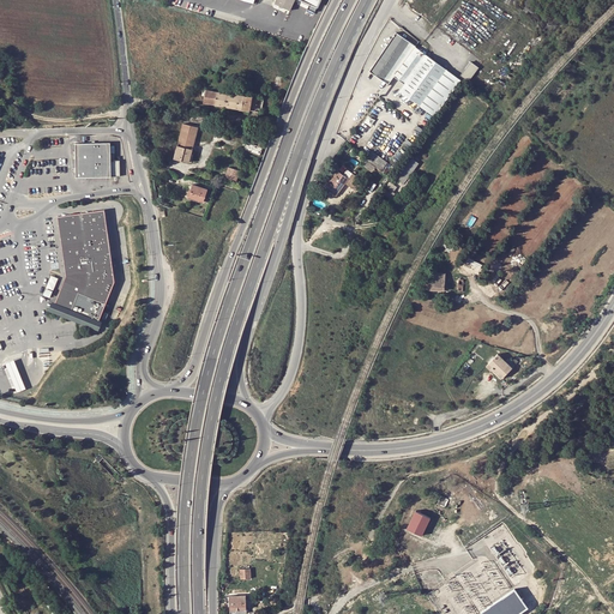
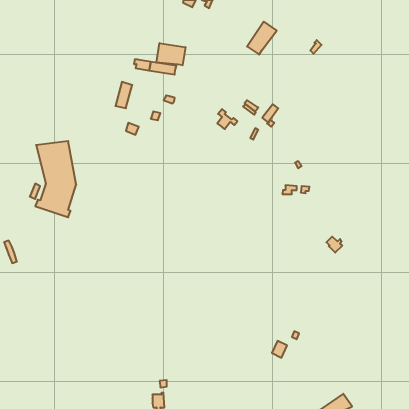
building: [392,47,462,114] -> none
building: none -> [157,43,185,65]
building: [74,143,110,177] -> none

